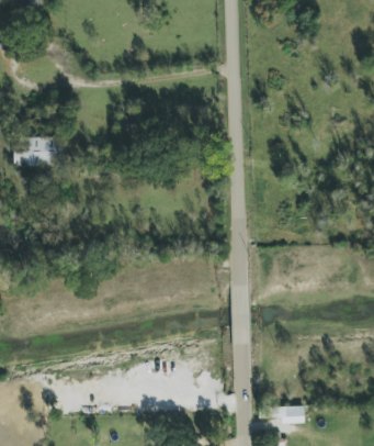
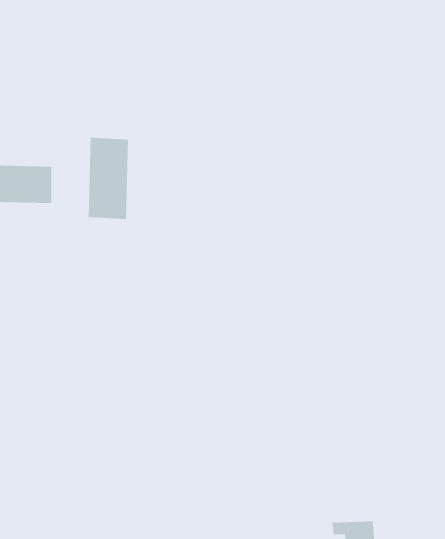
building: none -> [88,137,129,220]

